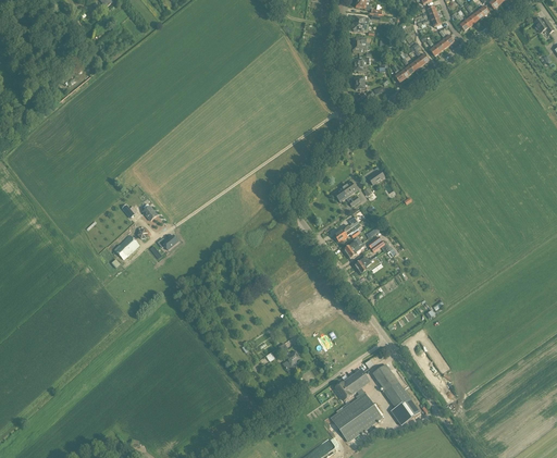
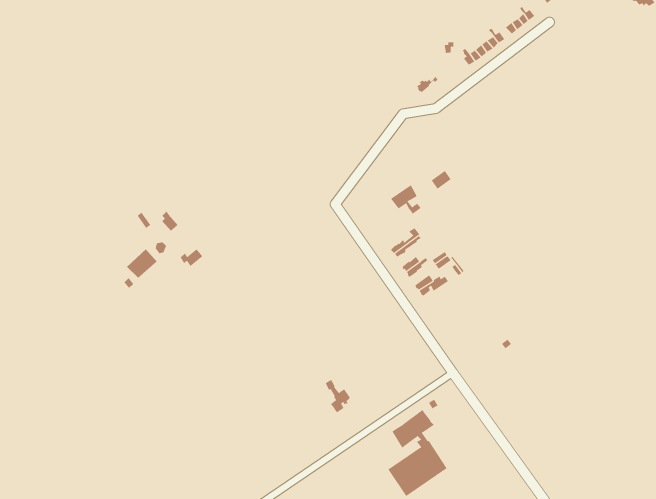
building: [372,364,418,424] -> none

